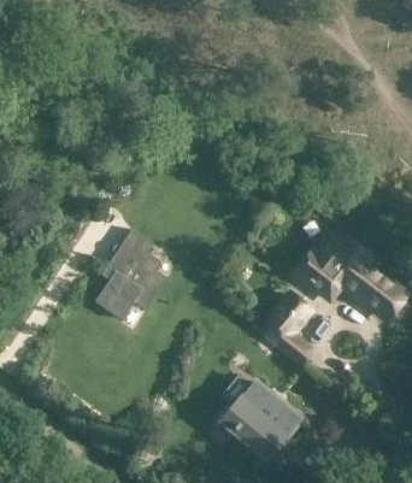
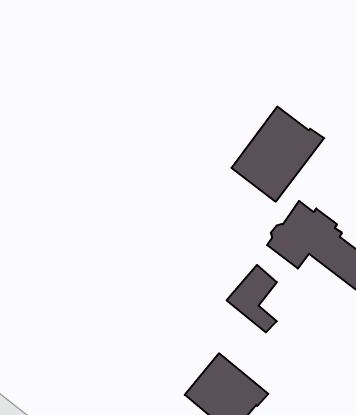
building: none -> [231,107,324,202]
building: [93,226,165,318] -> none

